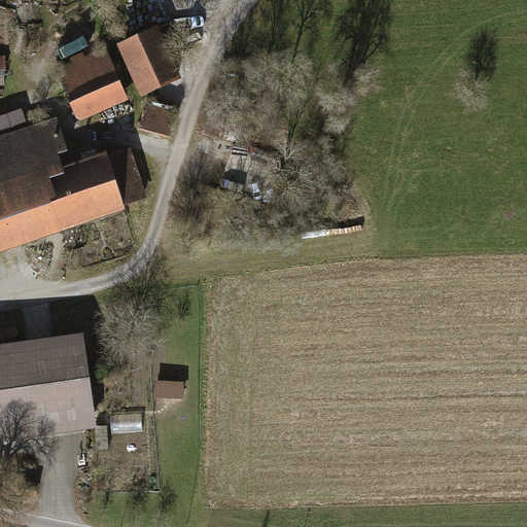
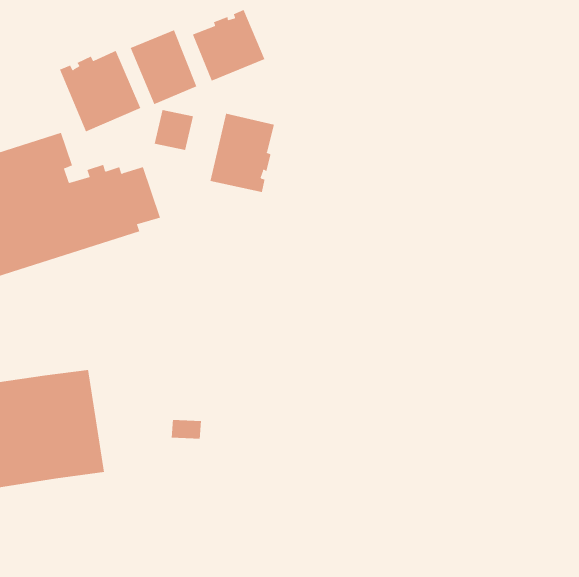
building: none -> [192,9,265,81]
building: none -> [210,113,274,193]

